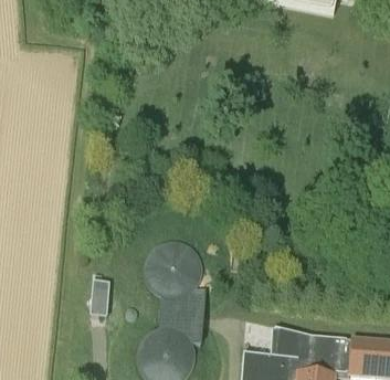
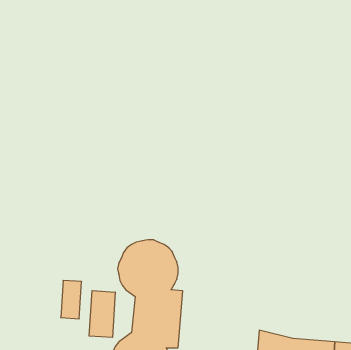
building: none -> [89,291,115,337]

